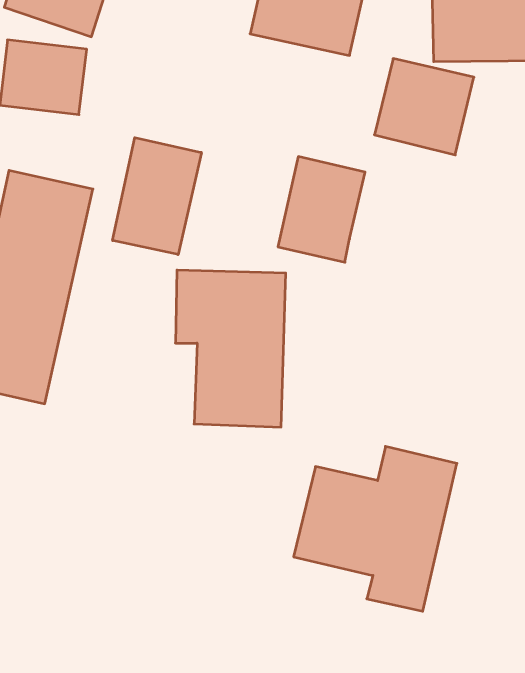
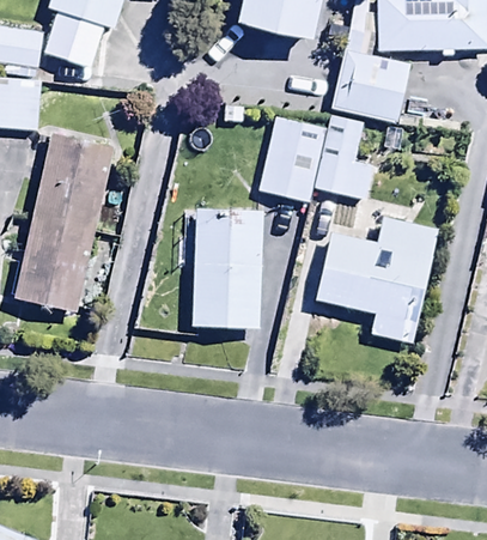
building: [113,138,201,255] -> none
building: none -> [312,110,384,199]
building: [294,446,457,611] -> [313,216,439,342]

